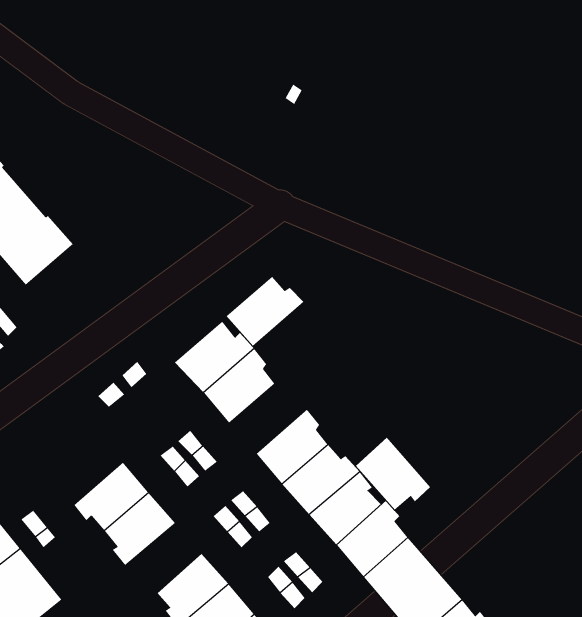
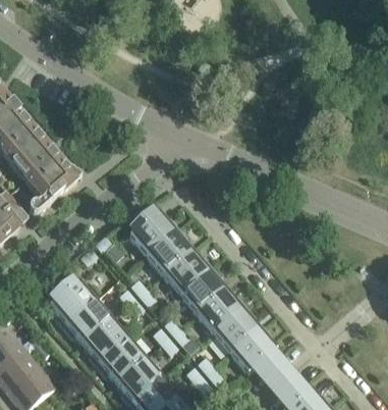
building: none -> [29,162,81,213]
building: [226,276,304,347] -> [162,250,212,295]
building: none -> [49,279,95,327]
building: [355,437,431,510] -> none
building: none -> [96,339,145,383]

